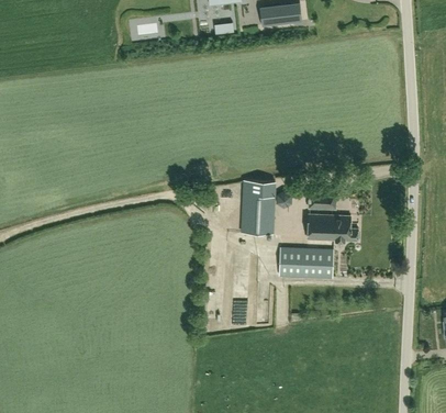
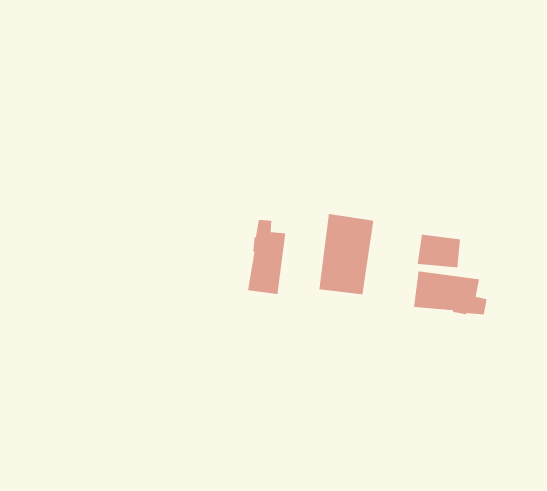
building: none -> [247,219,286,295]
building: [279,247,334,279] -> none

